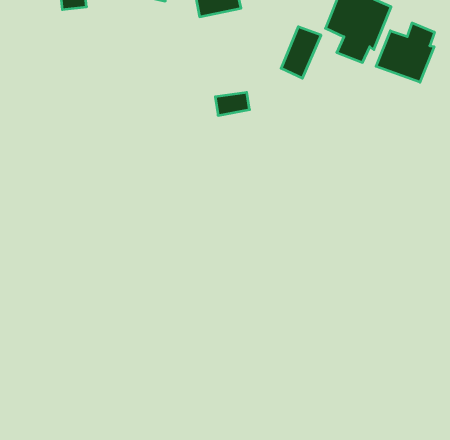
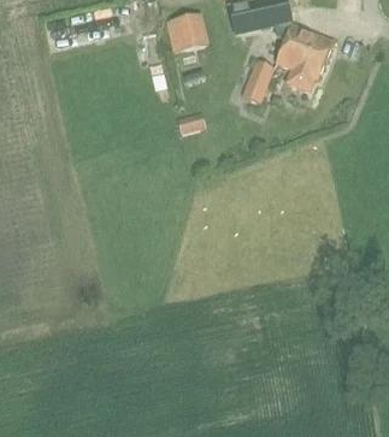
building: [376,23,434,82] -> none

